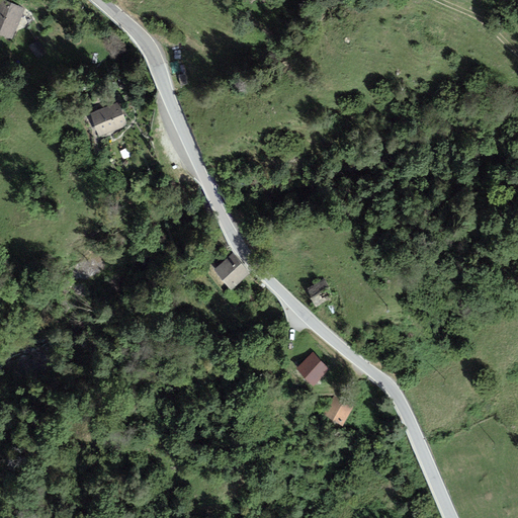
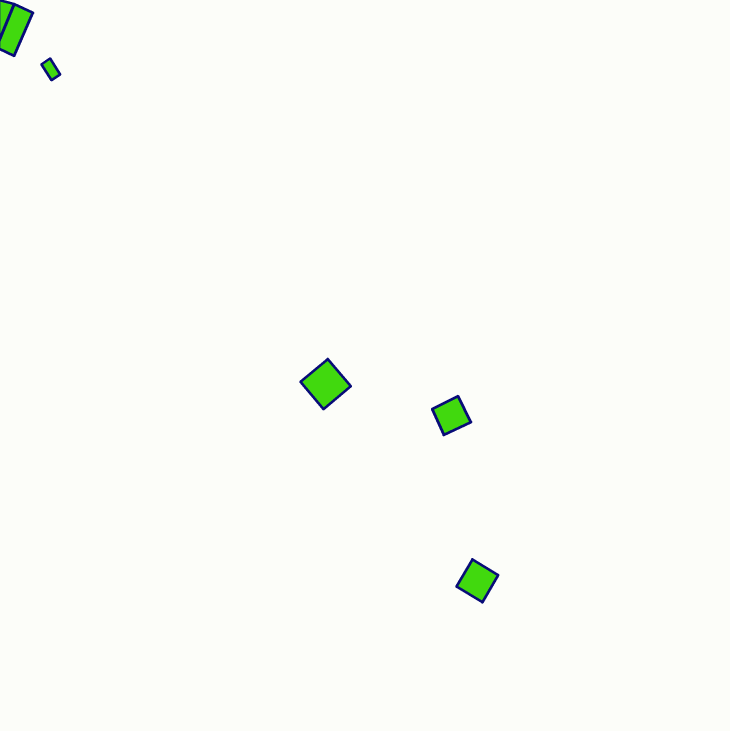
building: [89,104,126,136] -> none
building: [294,352,329,386] -> none

